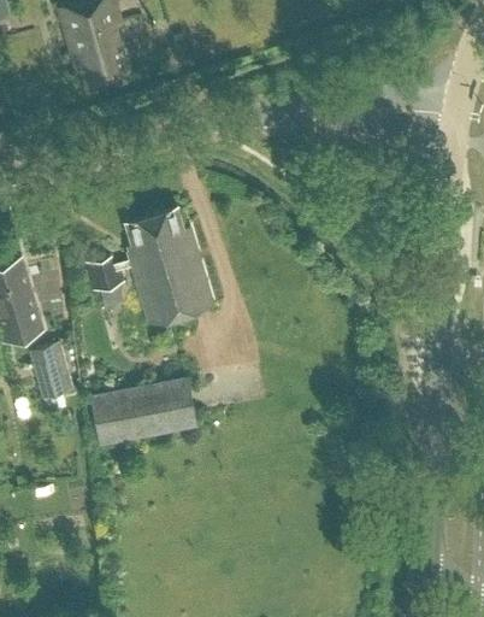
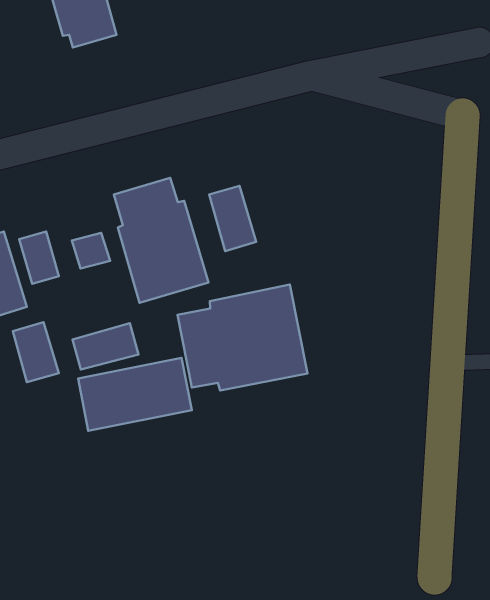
building: none -> [209,186,256,251]
building: none -> [177,285,307,391]
building: none -> [73,323,138,370]

